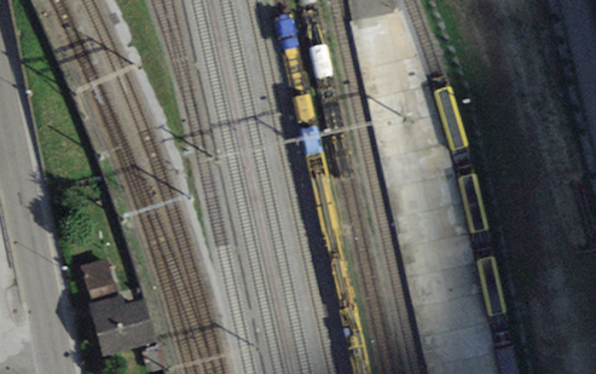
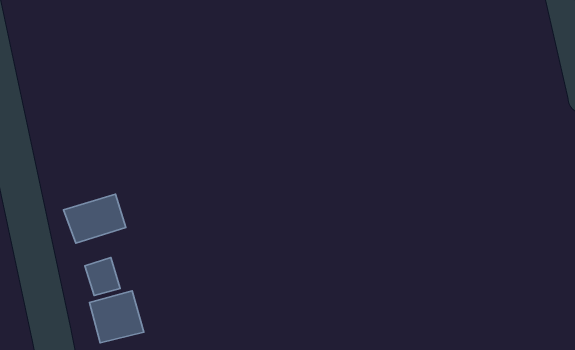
building: none -> [64,194,126,243]

